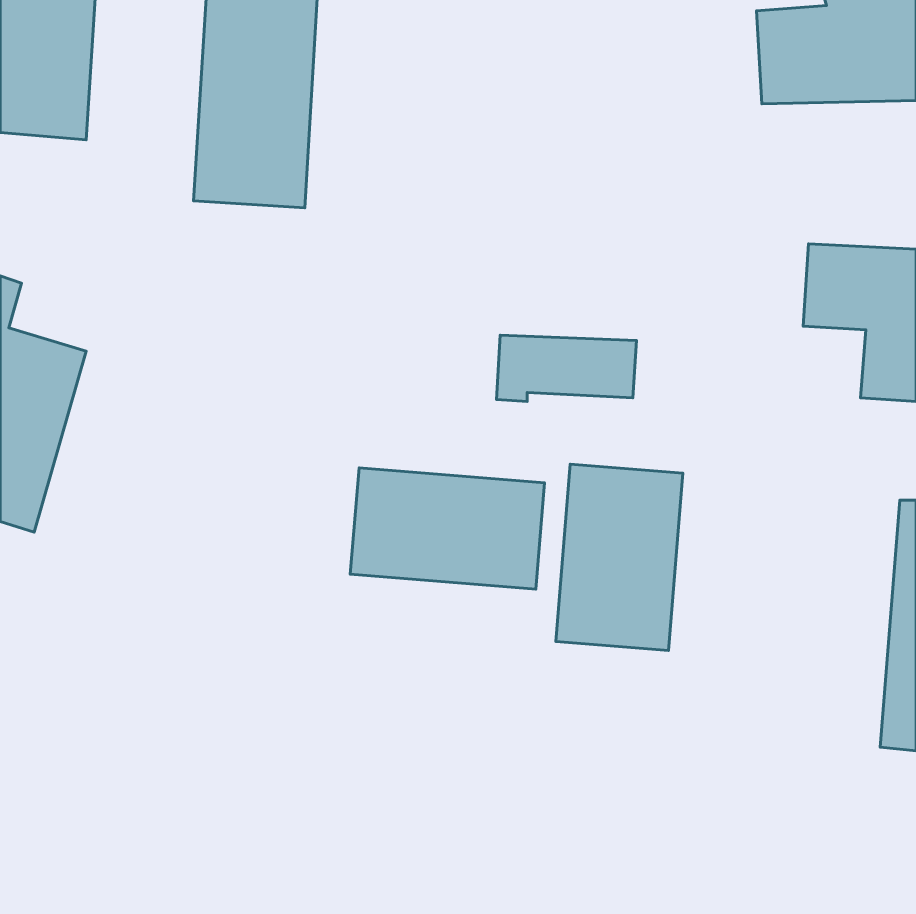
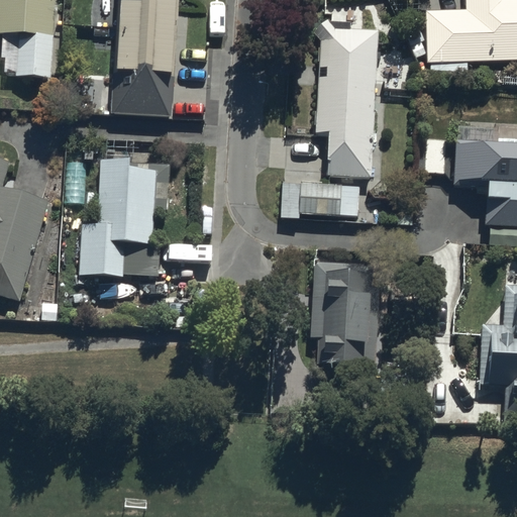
building: none -> [318,26,381,180]
building: none -> [78,158,153,275]
building: [350,468,545,589] -> none

